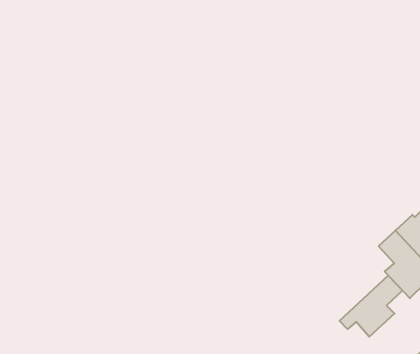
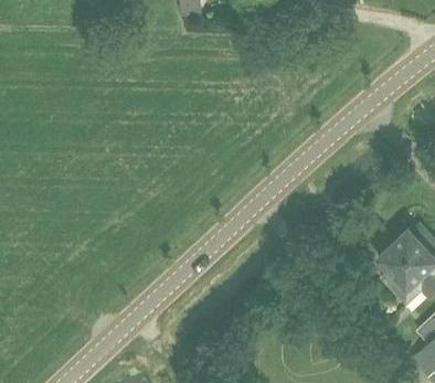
building: [340,276,402,337] -> none

